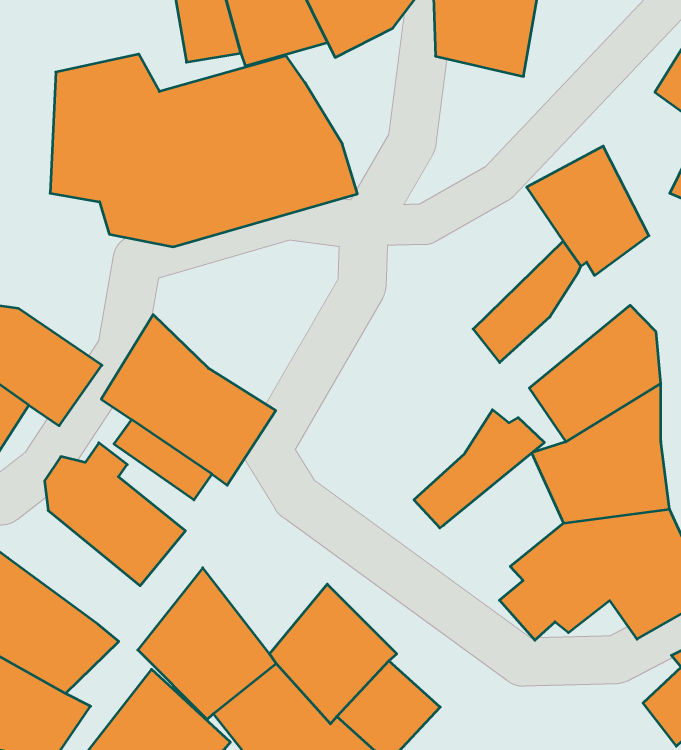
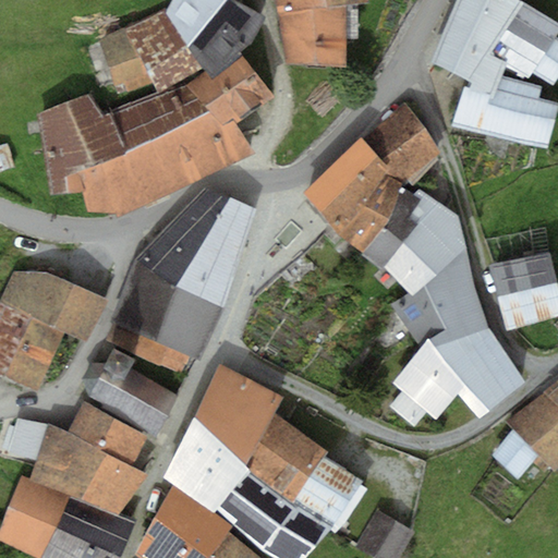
building: none -> [206,66,275,130]
building: none -> [303,137,389,234]
building: none -> [134,189,254,308]
building: [414,410,544,528] -> [362,186,439,268]
building: none -> [194,363,284,465]
building: none -> [68,401,147,465]

